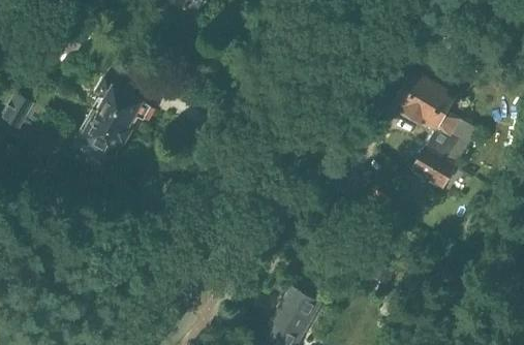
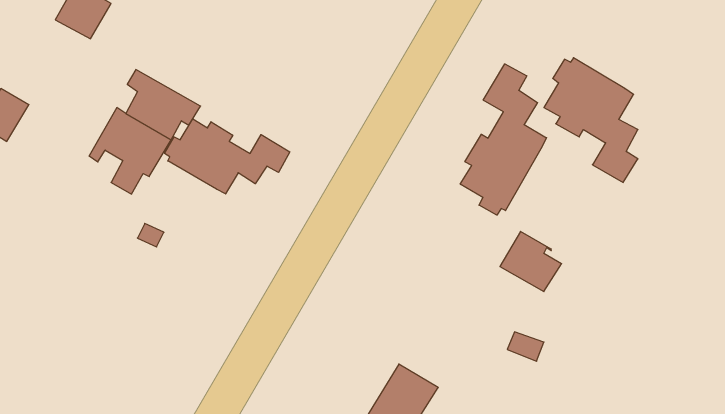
building: none -> [460,64,547,215]
building: none -> [165,119,290,194]
building: [414,148,458,190] -> [500,231,562,292]

